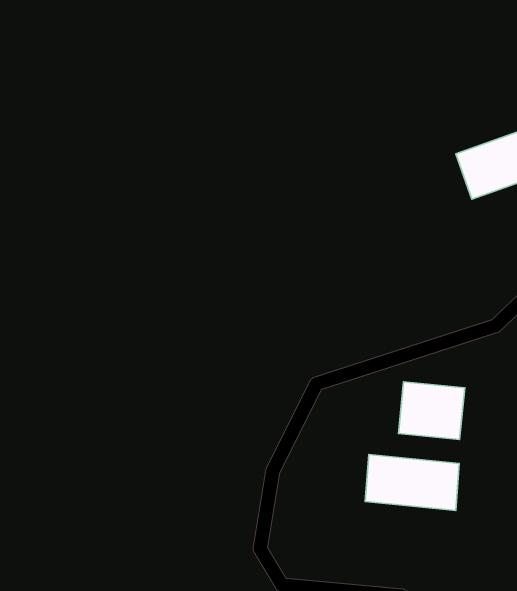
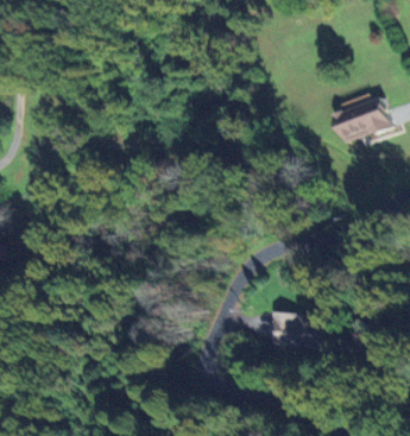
building: [398,382,465,440] -> none

